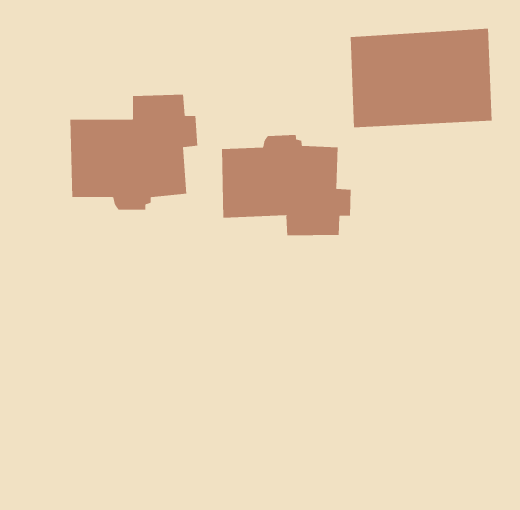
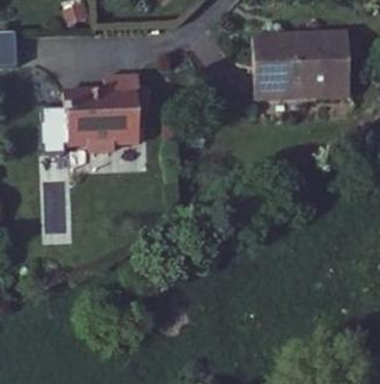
building: [221,134,351,236] -> none

